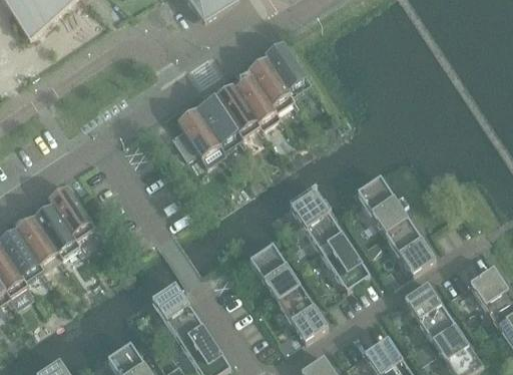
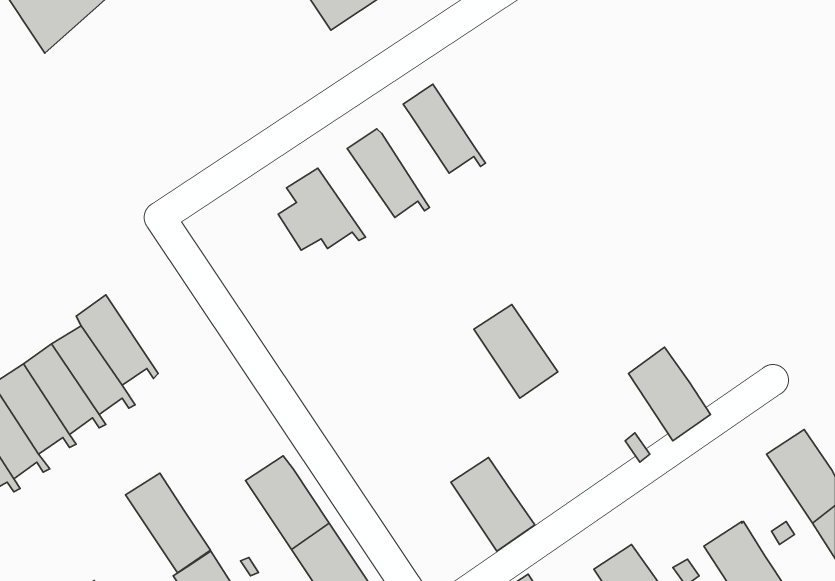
building: [264,41,315,95] -> none
building: [234,74,284,128] -> none
building: [195,95,245,149] -> none
building: [357,175,407,233] -> none
building: [319,232,370,289] -> none
building: [249,243,300,299] -> none
building: [404,282,454,338] -> none
building: none -> [126,473,210,573]

